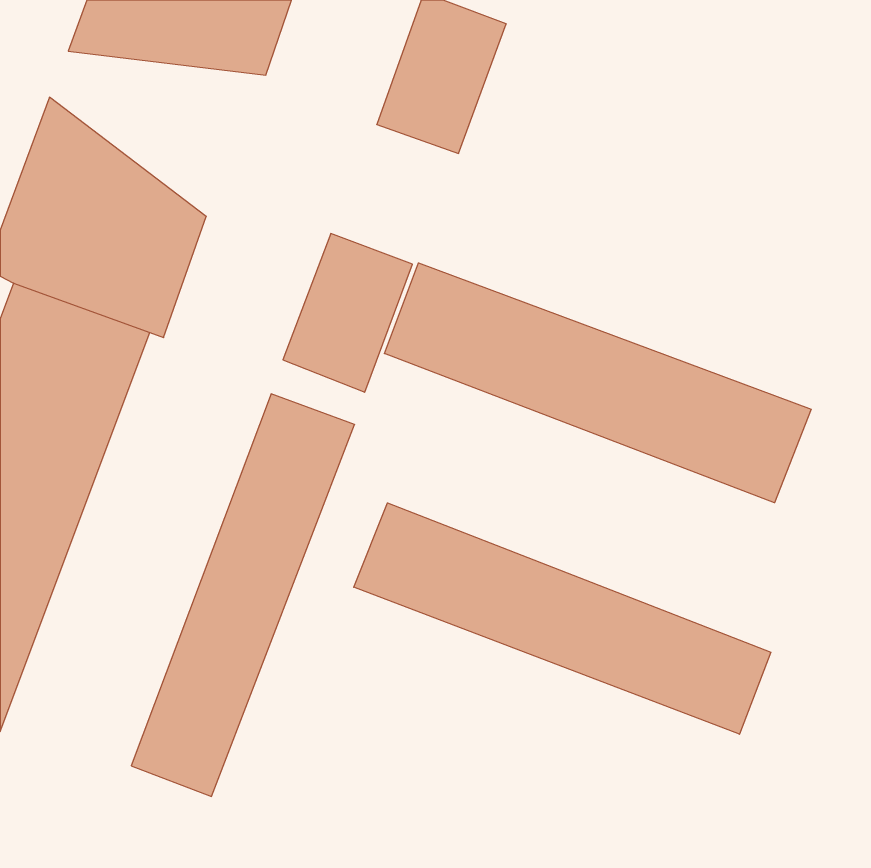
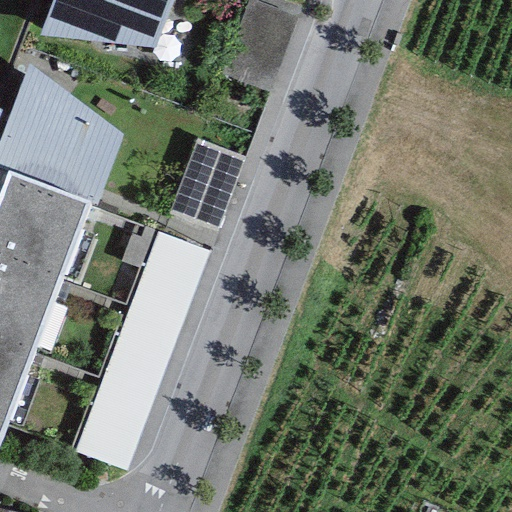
building: [384,263,811,503] -> none
building: [354,503,771,734] -> none

